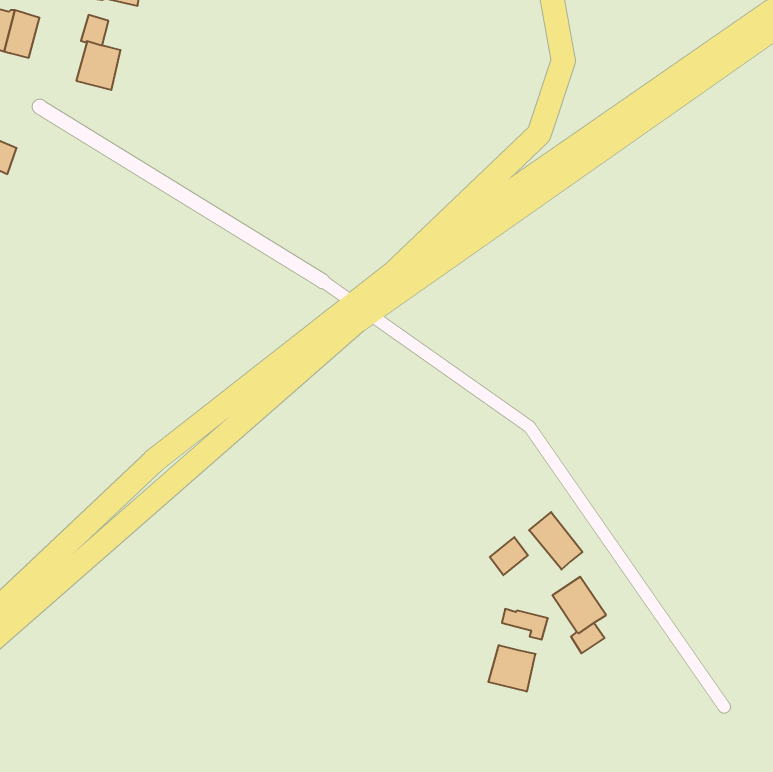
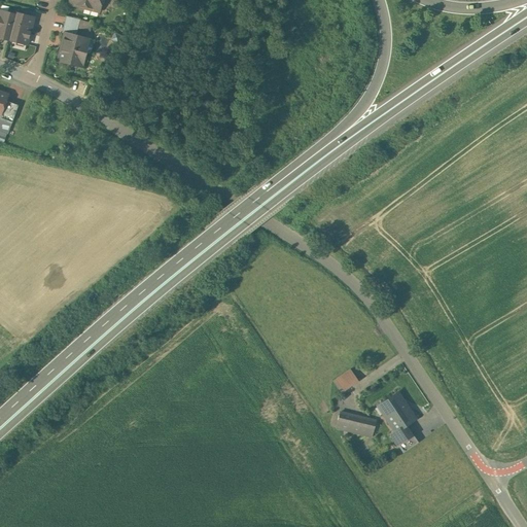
building: [529,512,582,570] -> none
building: [488,645,536,692] -> none

